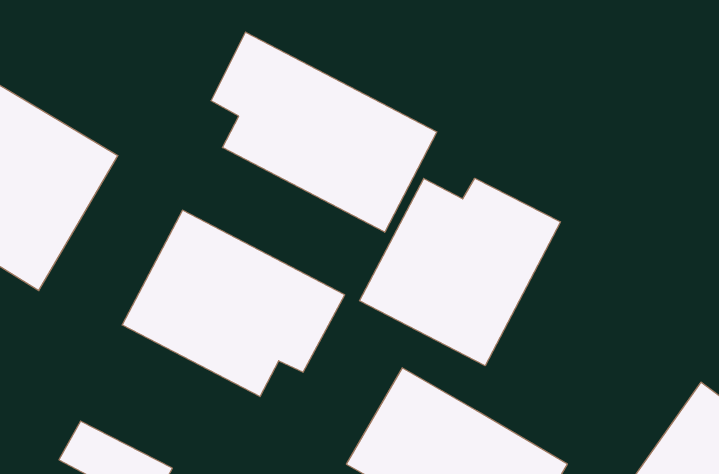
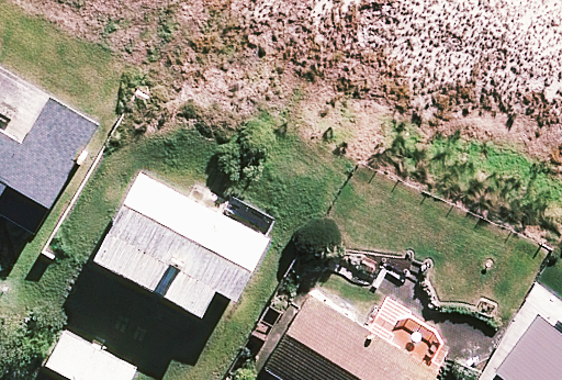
building: [211,32,437,232] -> none
building: [360,178,560,366] -> none

